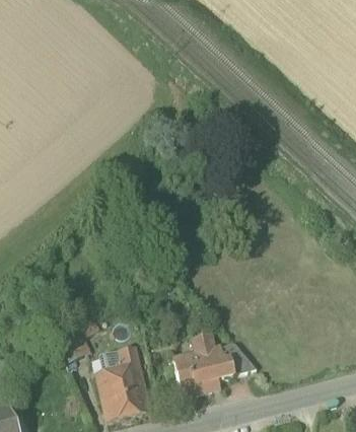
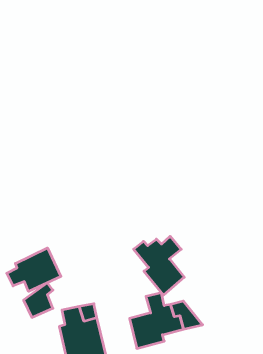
building: none -> [134,236,184,295]
building: none -> [7,248,61,291]

